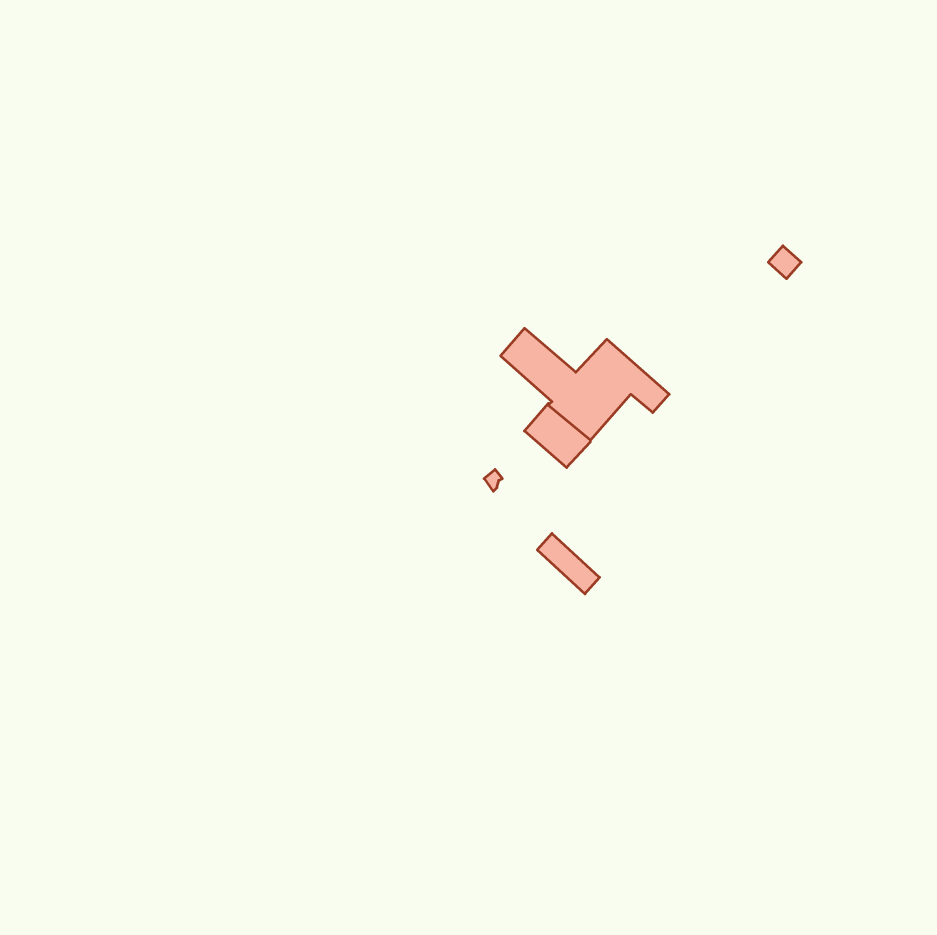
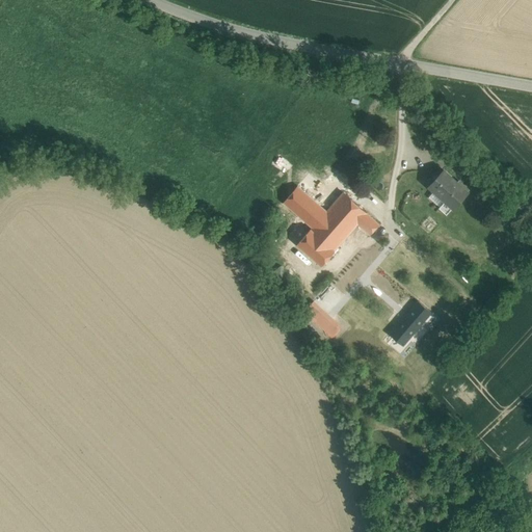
building: none -> [429,170,469,215]
building: none -> [390,302,431,346]

